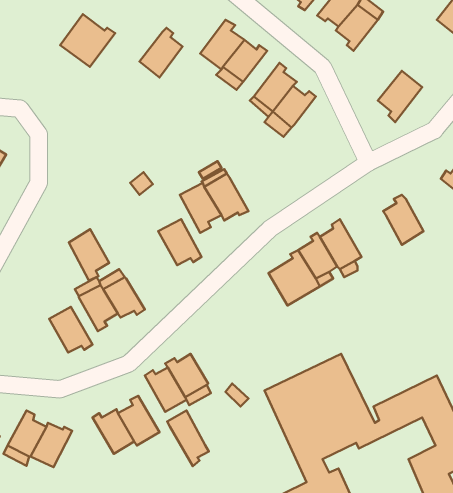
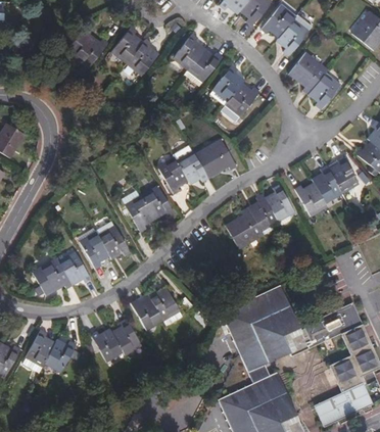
building: none -> [111,27,144,64]
building: none -> [289,52,328,94]
building: none -> [195,138,237,178]
building: none -> [329,155,359,193]
building: none -> [294,181,328,215]
building: [69,229,109,280] -> [125,193,155,232]
building: none -> [32,256,73,296]
building: [167,411,209,466] -> none

